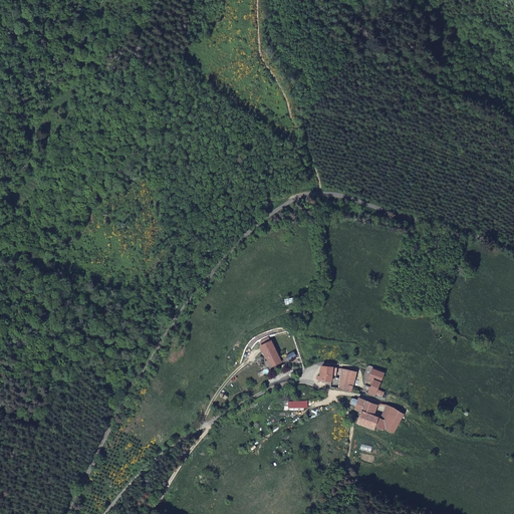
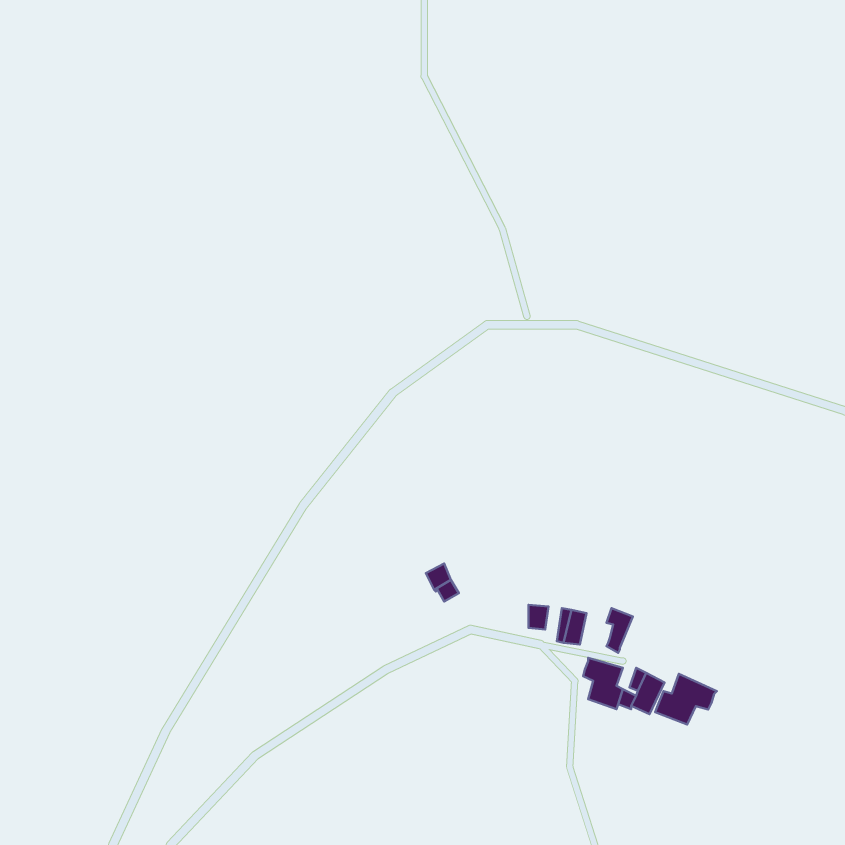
building: none -> [655,674,717,725]

